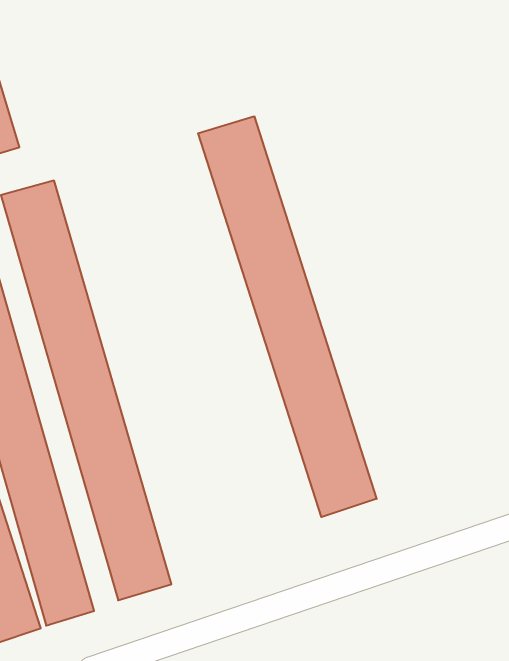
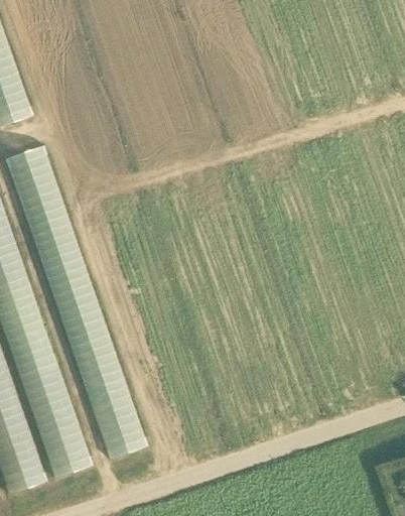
building: [198,116,377,517] -> none

